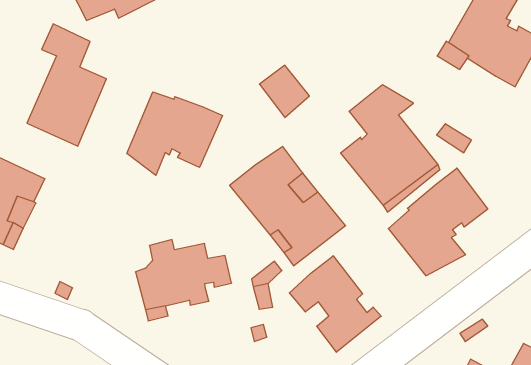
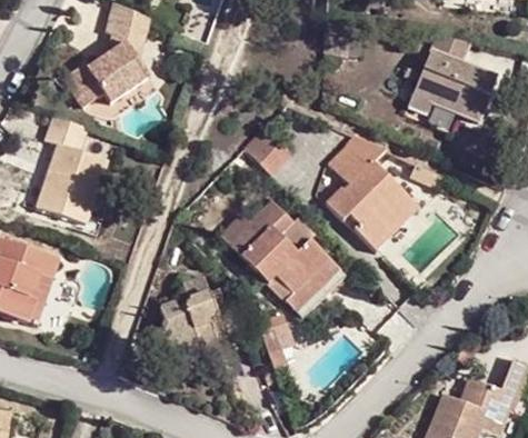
building: [127,92,222,175] -> none
building: [388,168,488,276] -> none
building: [289,256,381,352] -> none

